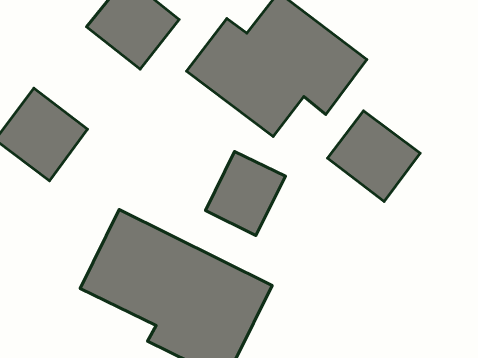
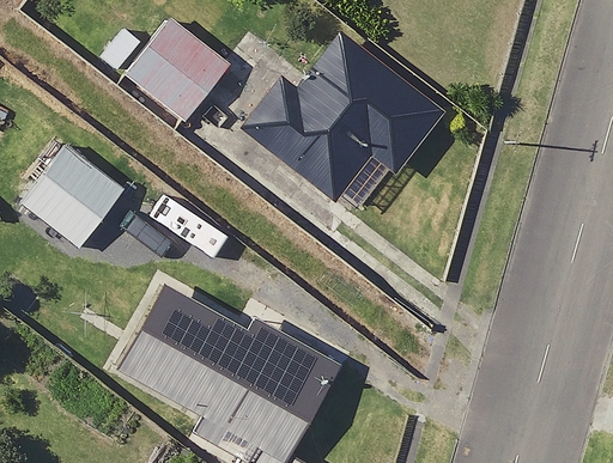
building: [328,111,420,202] -> none
building: [206,152,286,236] -> none

